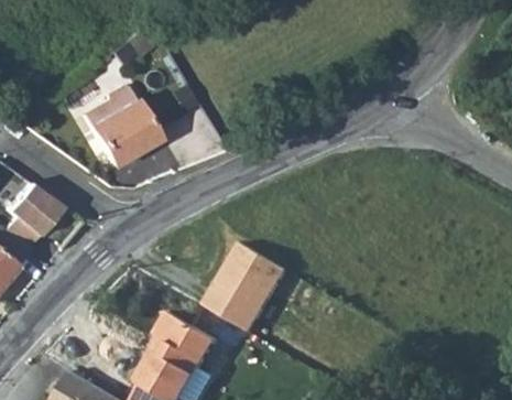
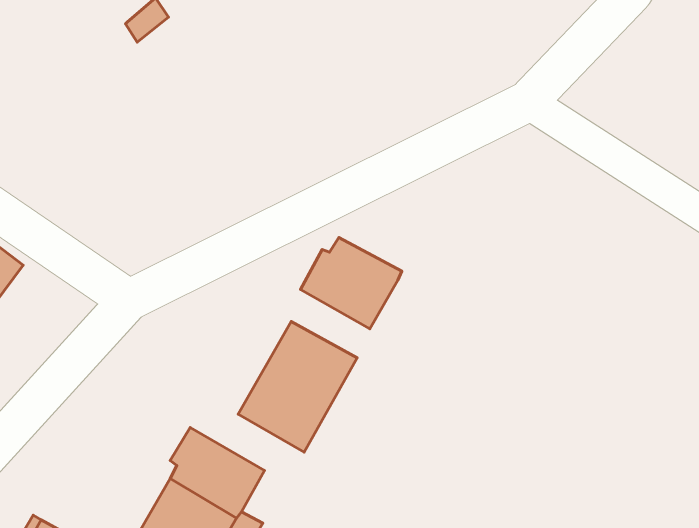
building: [83,91,156,169] -> none
building: none -> [300,237,402,329]

